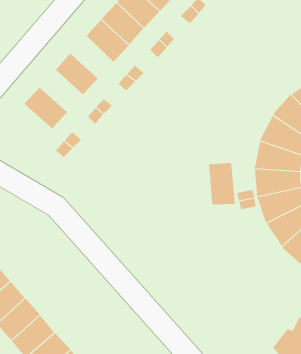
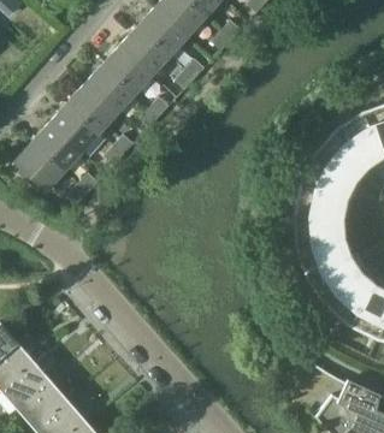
building: none -> [85,64,135,112]
building: none -> [51,102,100,150]
building: none -> [14,141,65,190]
building: [208,162,236,205] -> none

